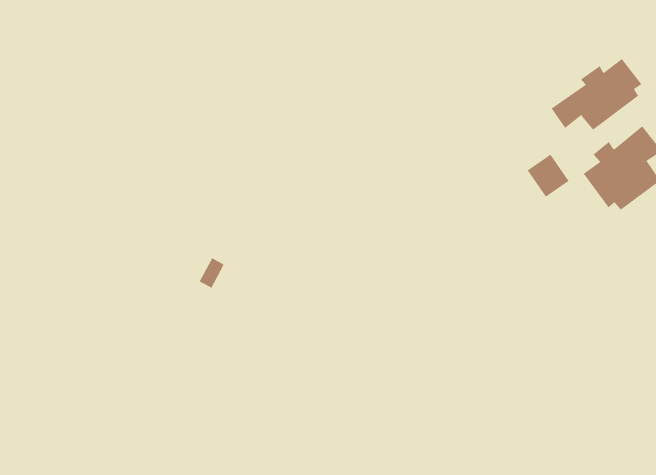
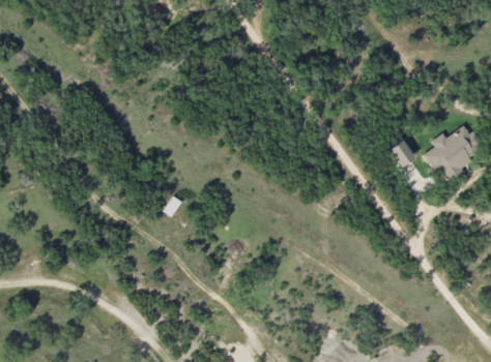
building: [551,58,642,130] -> none

